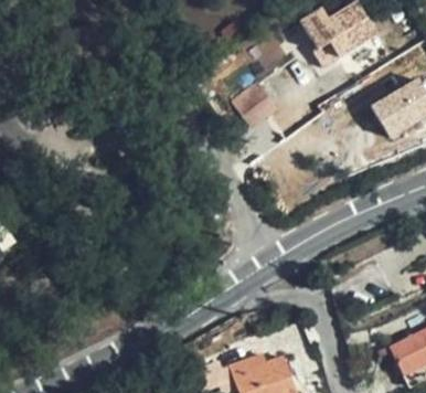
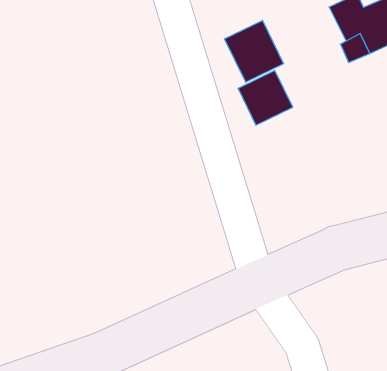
building: none -> [225,20,284,82]

